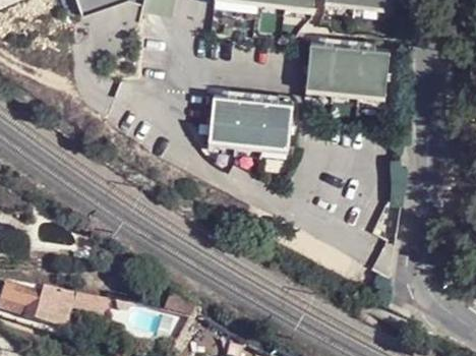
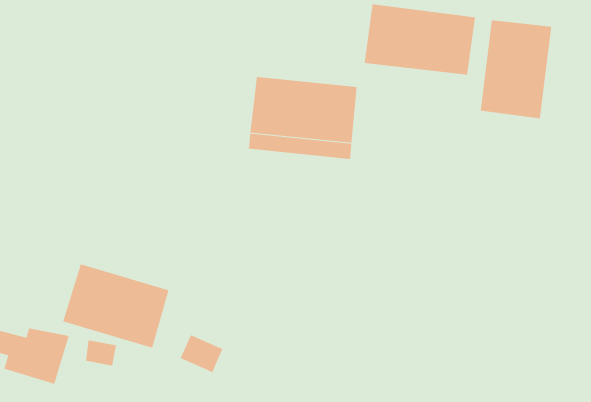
building: none -> [480,19,552,119]
building: none -> [63,264,169,349]

